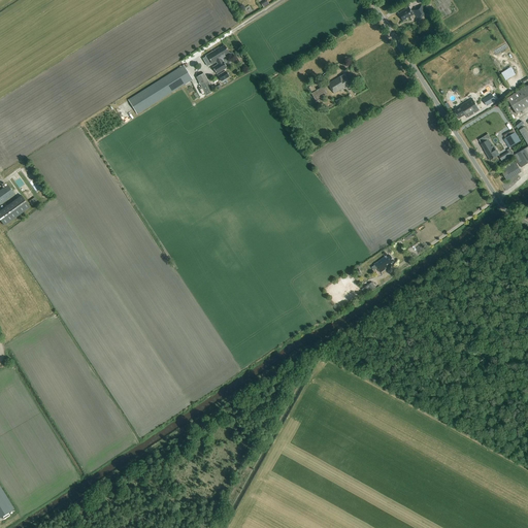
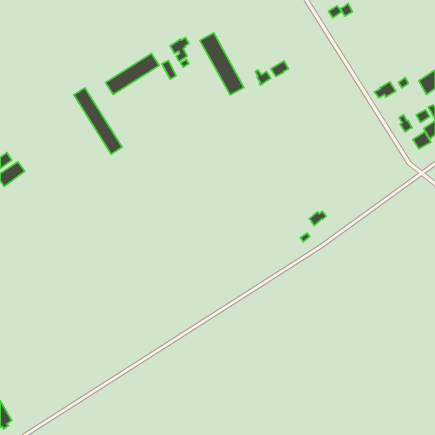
building: none -> [200,33,244,95]
building: none -> [74,88,122,154]

